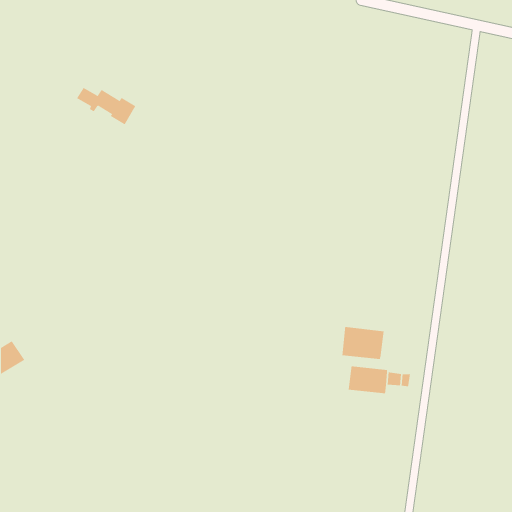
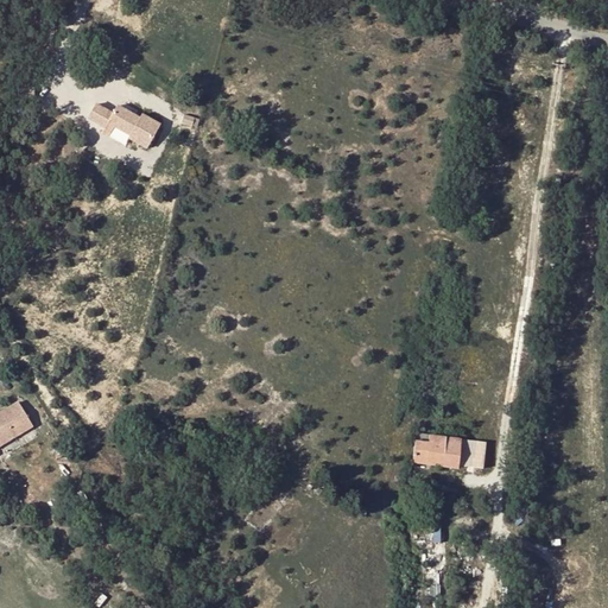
building: [342,326,384,360] -> none

